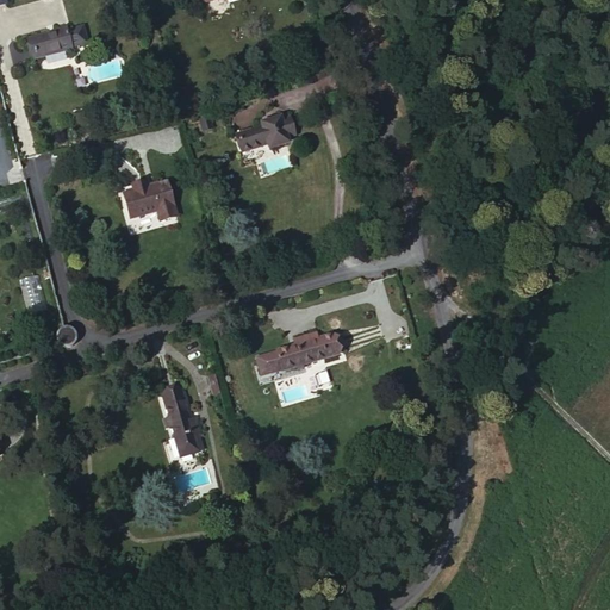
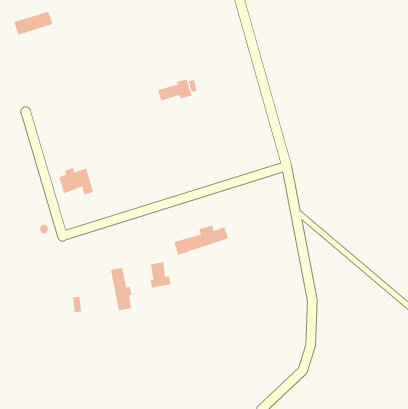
building: [113,174,166,216] -> [59,167,94,195]
building: none -> [150,261,171,289]

